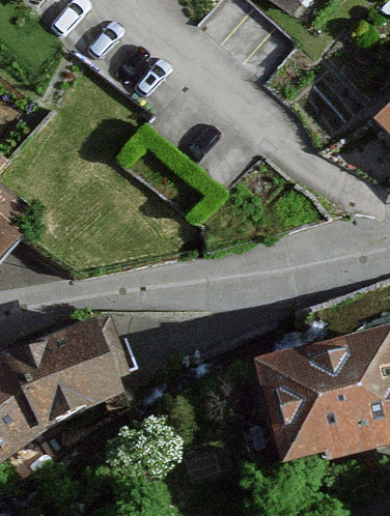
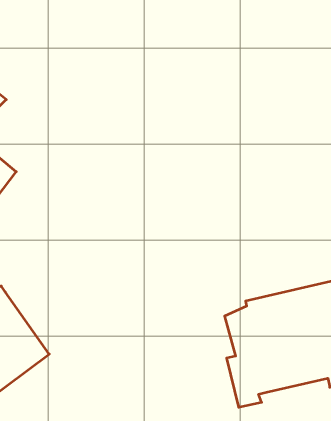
building: [12,319,108,418] -> none

